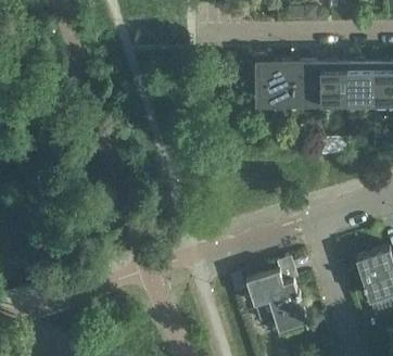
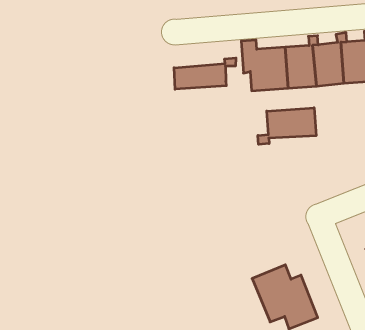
building: none -> [174,58,236,89]
building: none -> [258,108,316,144]

